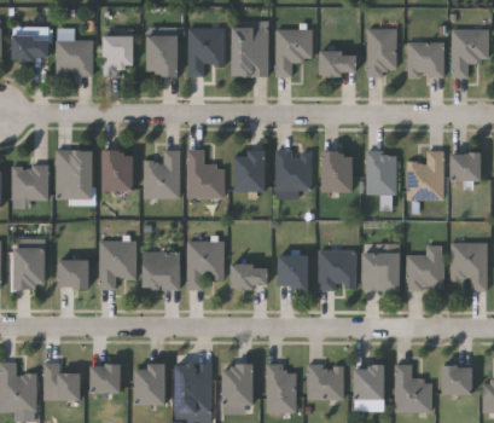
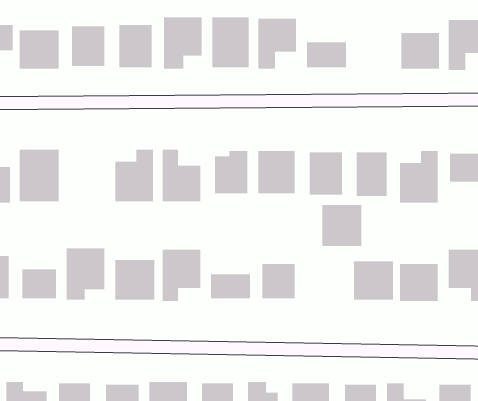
building: [365,28,395,74] -> none
building: [103,150,134,190] -> none
building: [316,249,354,288] -> [321,204,362,246]

